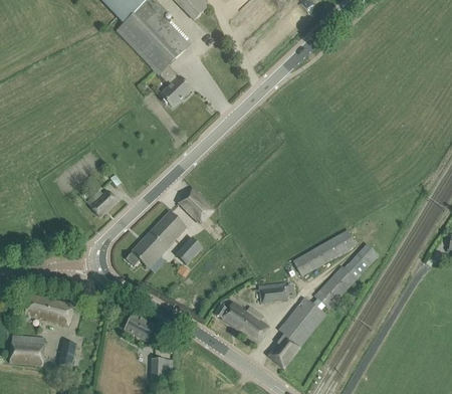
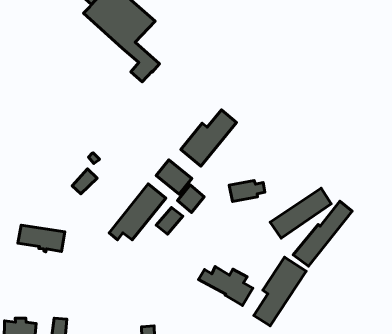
building: none -> [181,110,236,166]
building: none -> [177,185,204,213]
building: [259,280,295,301] -> [229,180,265,202]
building: [25,294,74,325] -> [18,225,65,252]
building: [124,313,156,342] -> none

